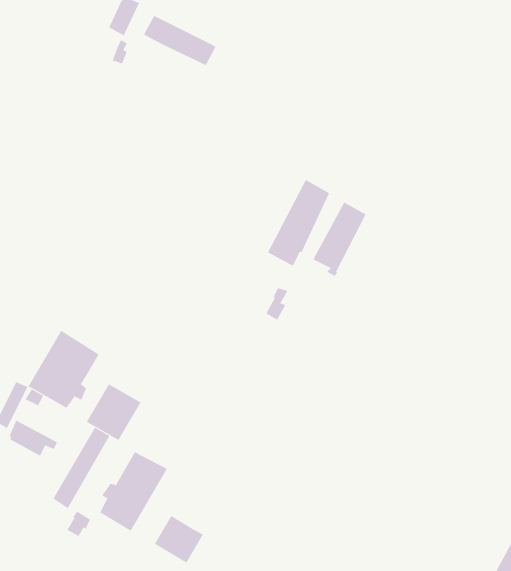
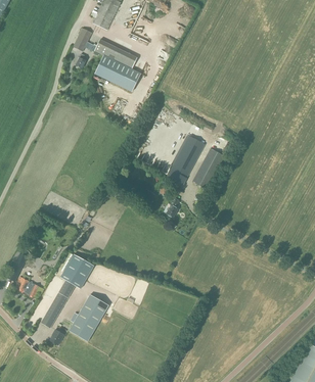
building: none -> [95,55,140,91]
building: [28,330,100,408] -> none
building: [154,515,203,563] -> none

